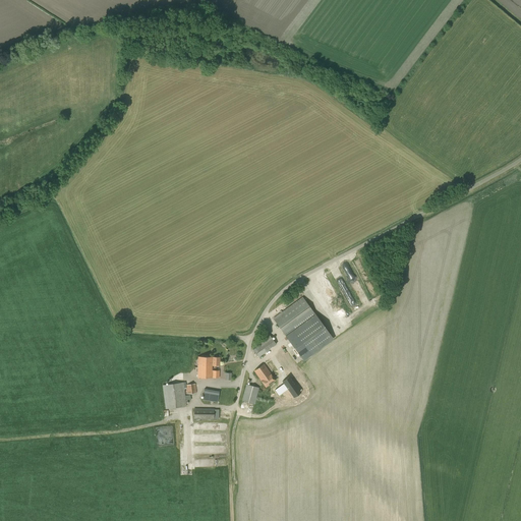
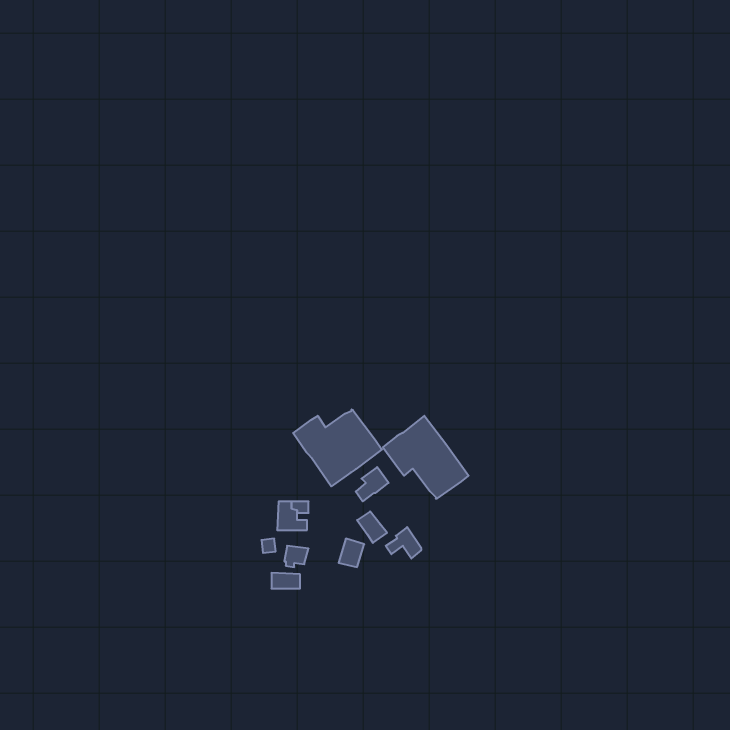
building: none -> [293,409,382,486]
building: [162,382,186,409] -> none

